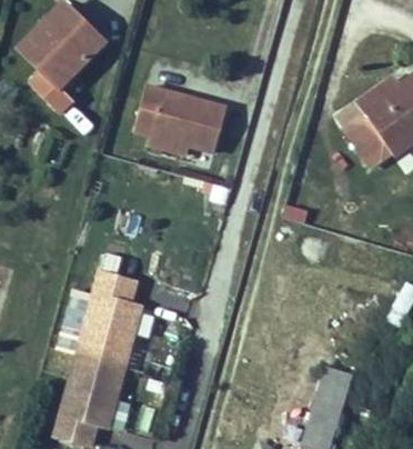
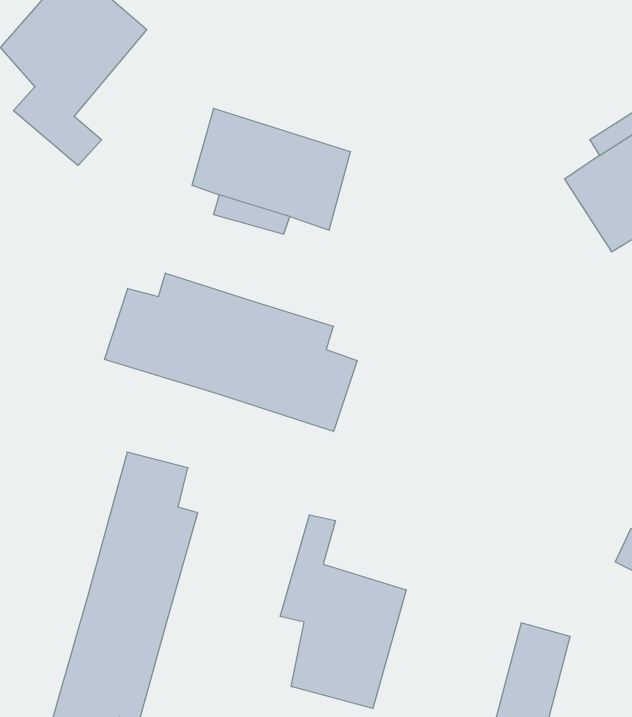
building: none -> [104,273,357,432]
building: none -> [280,515,406,709]

